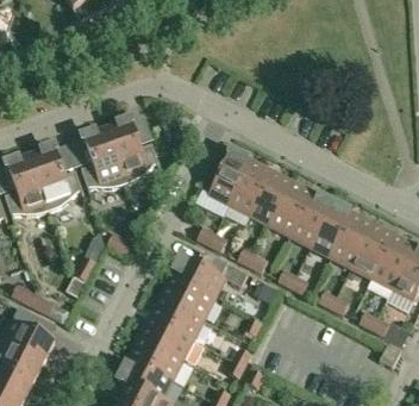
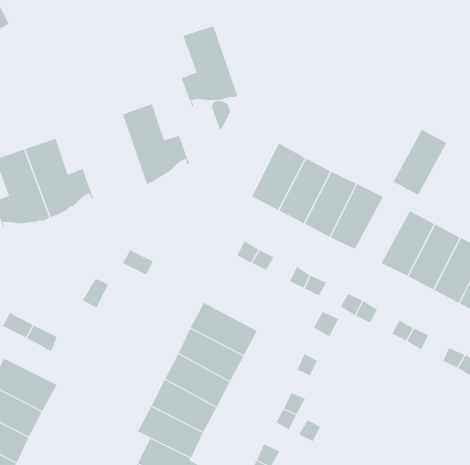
building: [81,127,126,192] -> [181,25,238,107]
building: [292,193,334,245] -> [393,129,447,195]
building: [171,250,249,299] -> none

